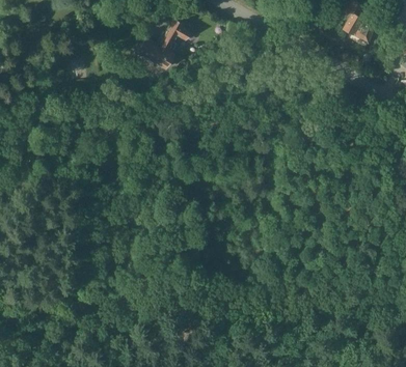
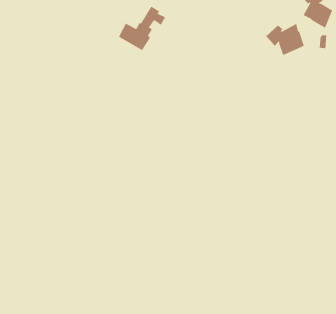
building: none -> [265,23,304,56]

